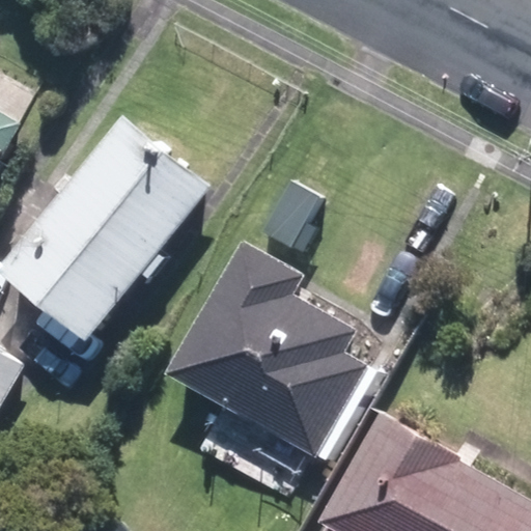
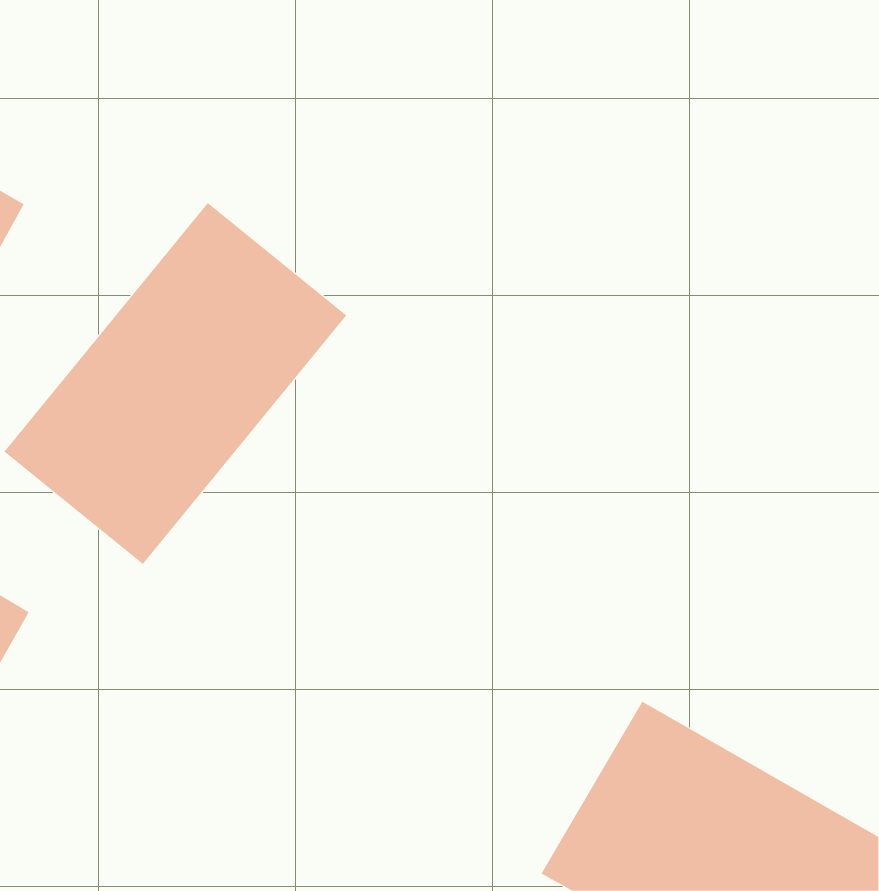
building: [168,246,361,455] -> none

